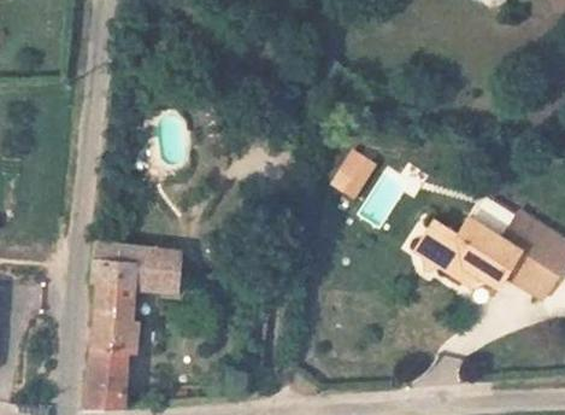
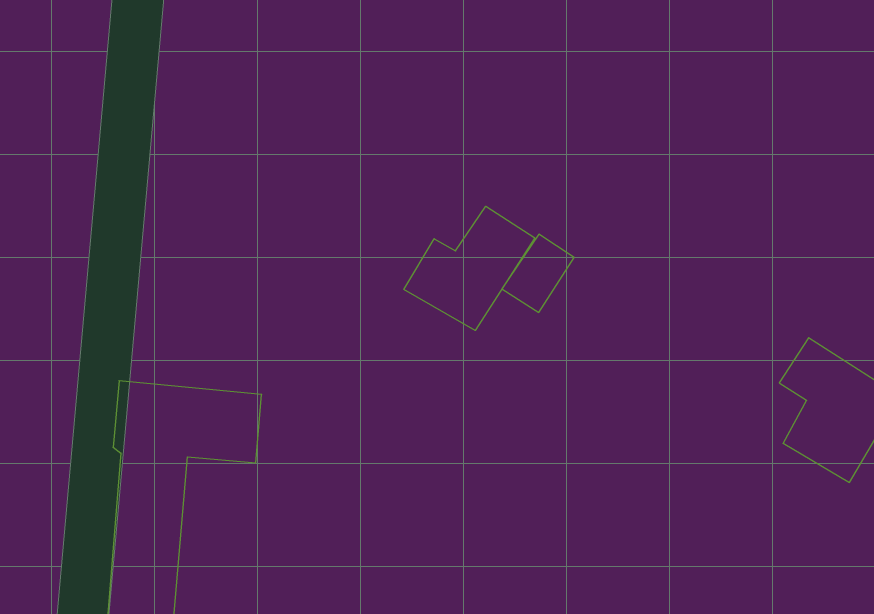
building: none -> [404,206,535,330]
building: [416,220,518,292] -> none

